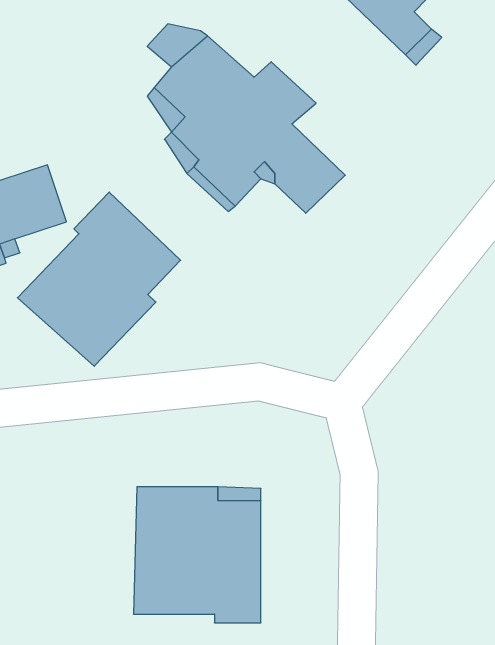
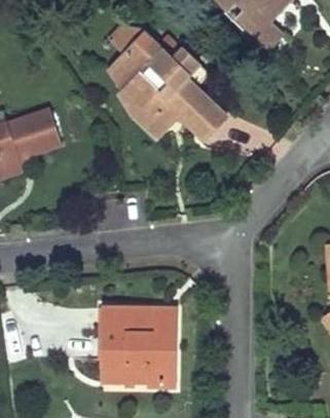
building: [17,192,181,366] -> none

